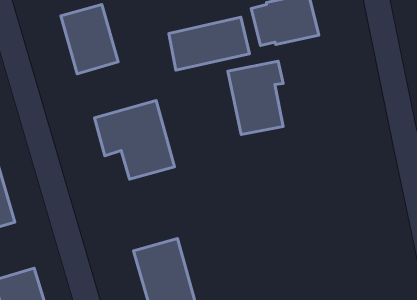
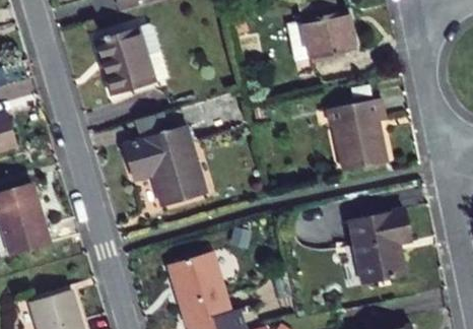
building: [169,17,250,70] -> none
building: [228,61,283,135] -> [325,94,380,168]
building: none -> [346,210,408,284]

